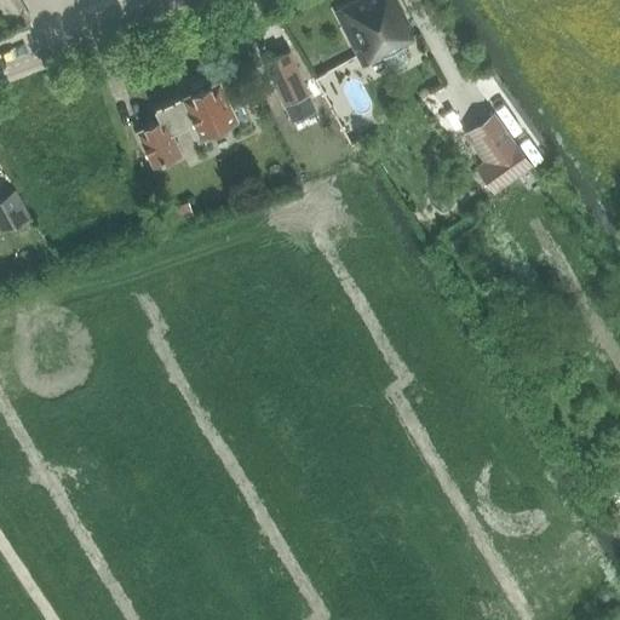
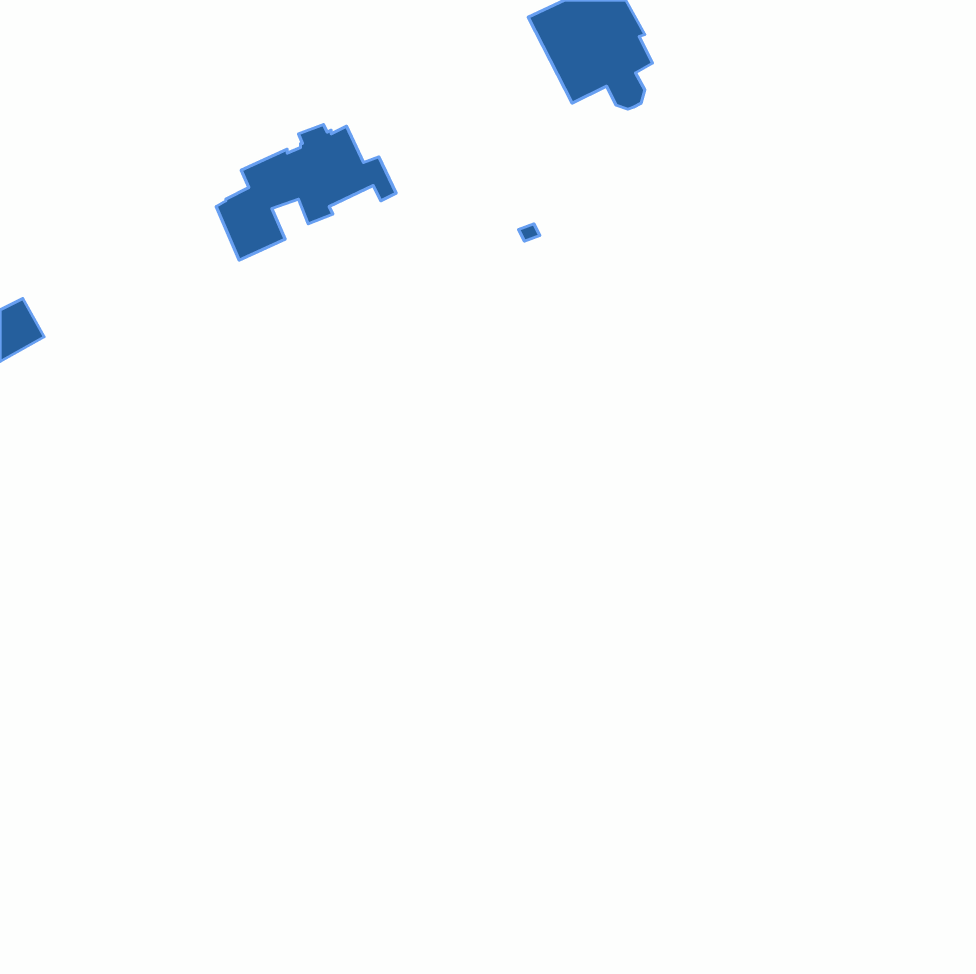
building: [265,52,310,107] -> none
building: [466,115,532,188] -> none

